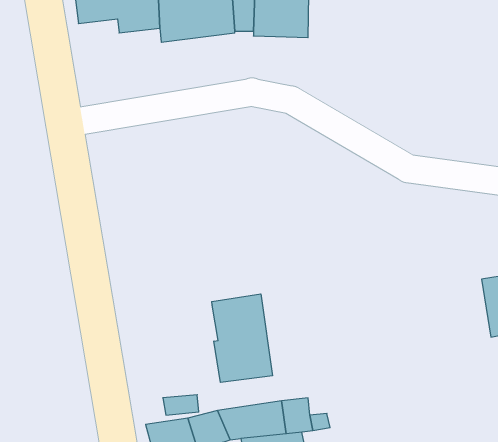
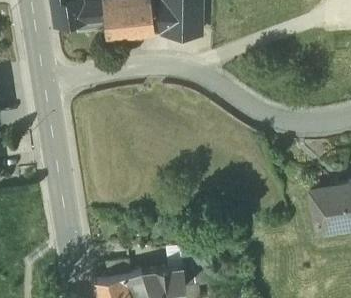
building: [212,294,272,382] -> none

